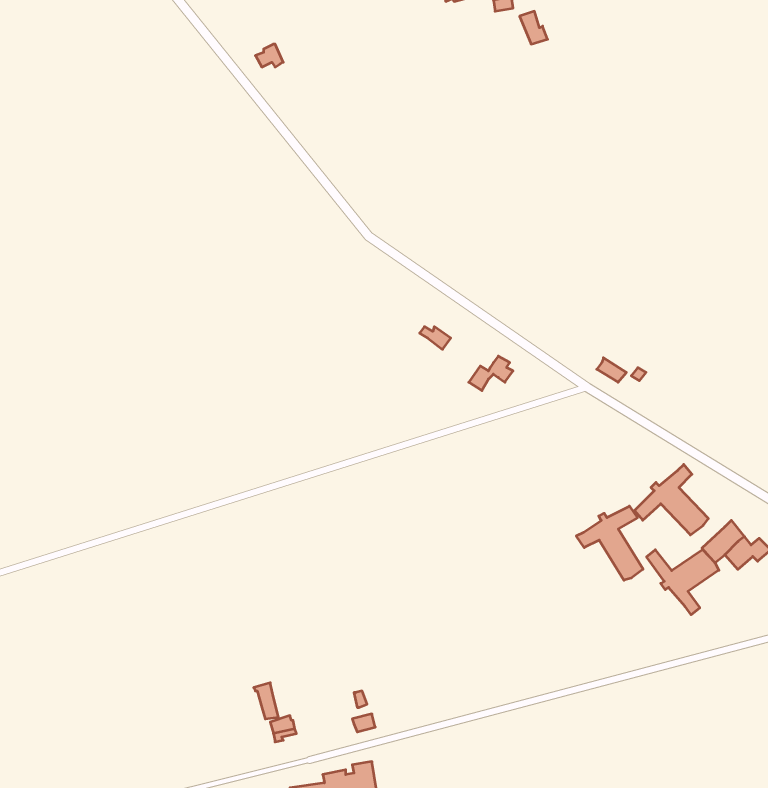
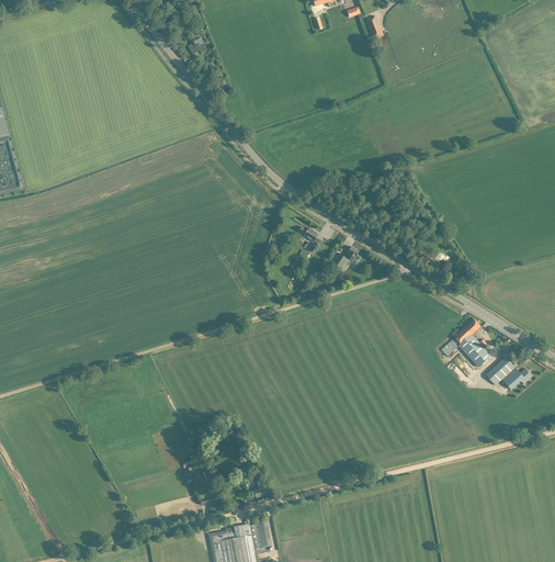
building: [576,506,643,580] -> none
building: [647,549,719,615] -> none

